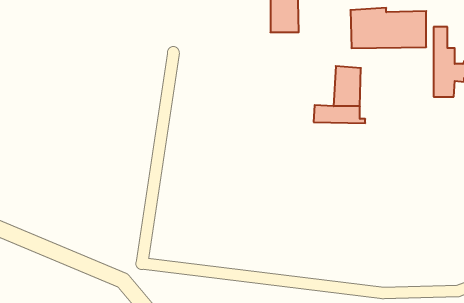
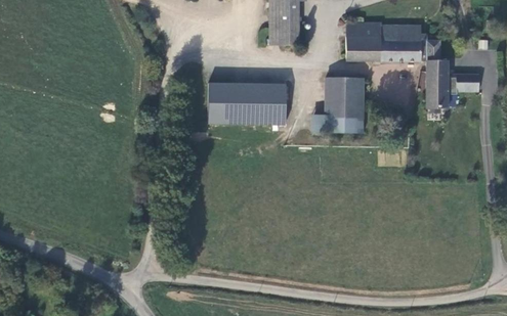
building: none -> [208,78,288,122]

